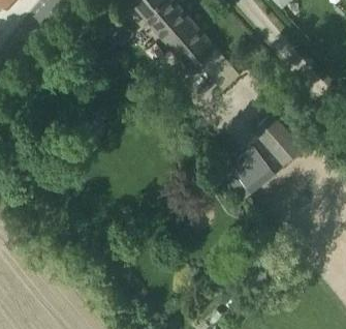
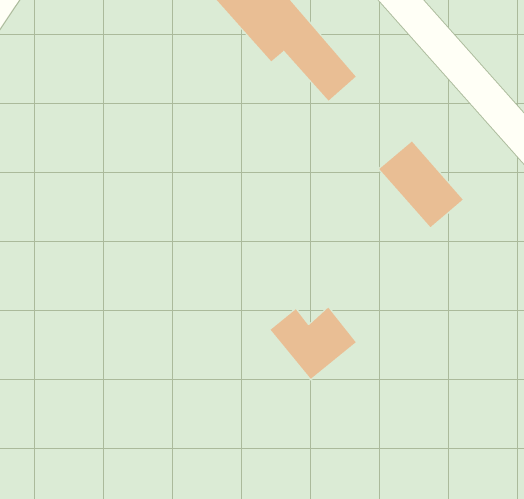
building: [226,154,277,197] -> [269,307,357,380]

